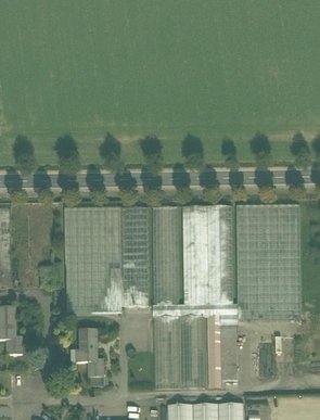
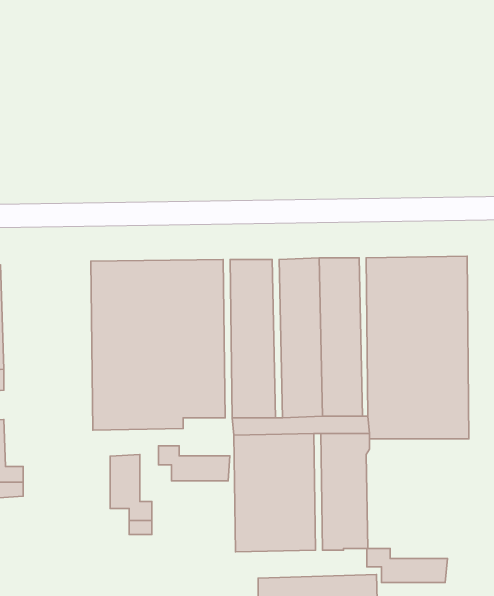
building: none -> [158,446,230,481]
building: none -> [367,548,447,583]

